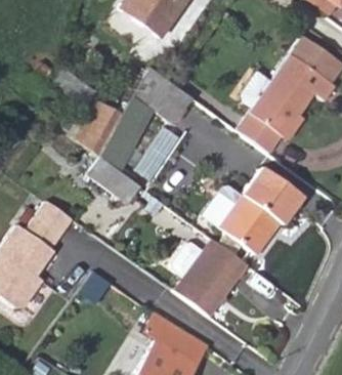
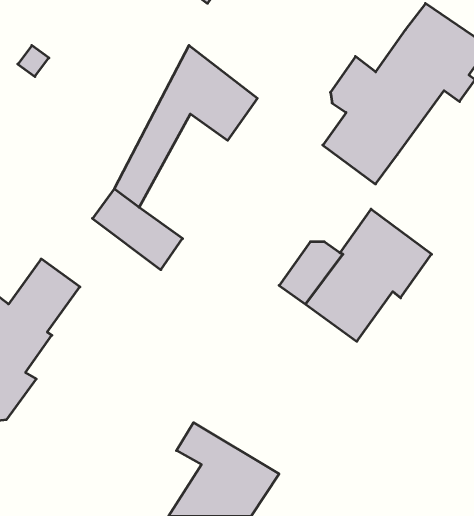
building: [81,99,122,155] -> none
building: [138,121,184,176] -> none
building: [172,240,251,317] -> none

